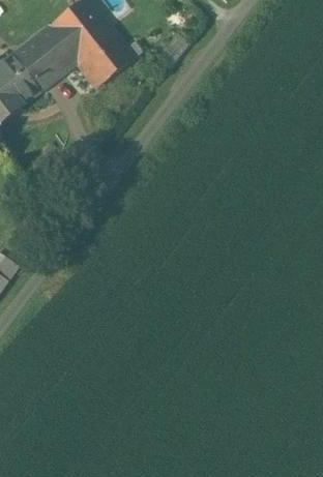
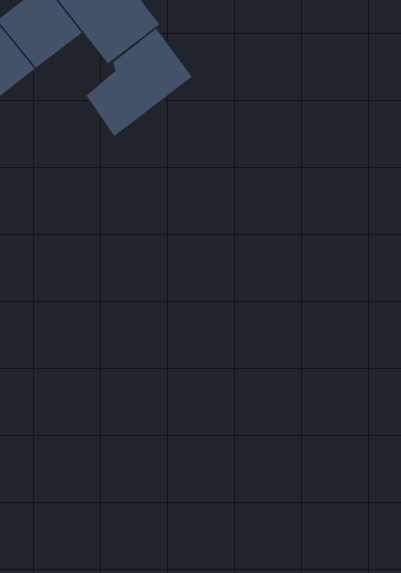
building: none -> [85,28,193,137]

